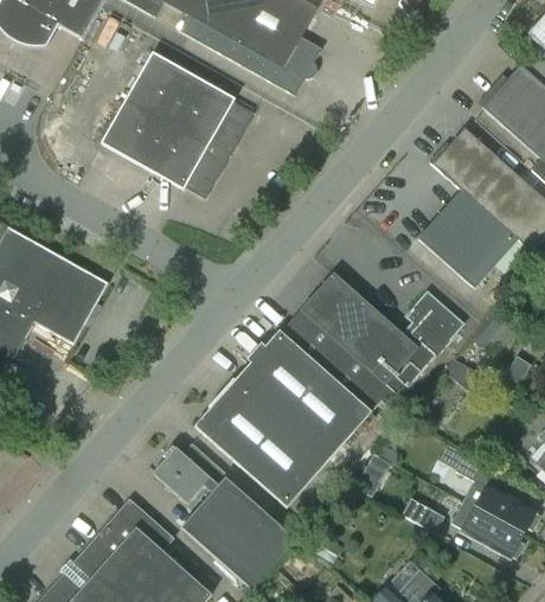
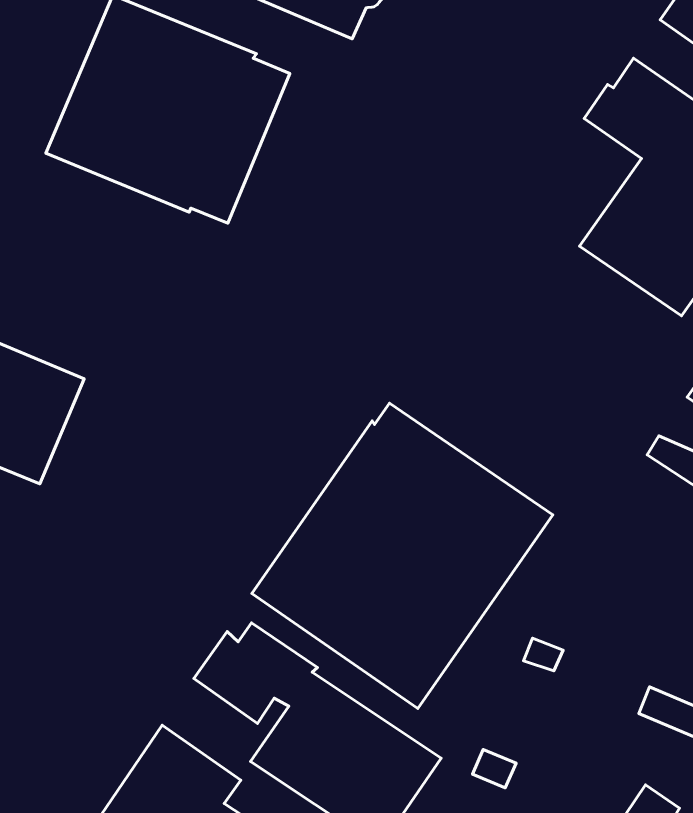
building: [290,271,462,408] -> none

